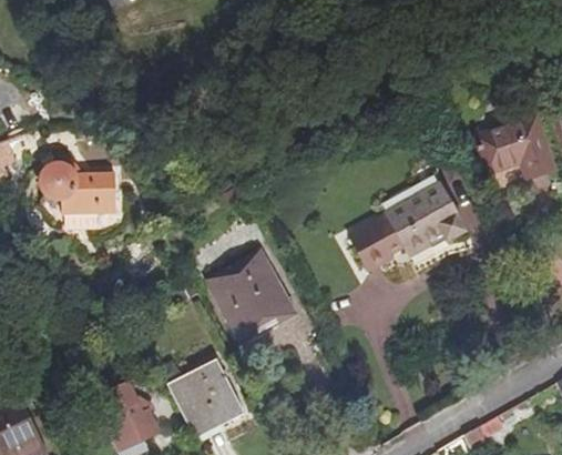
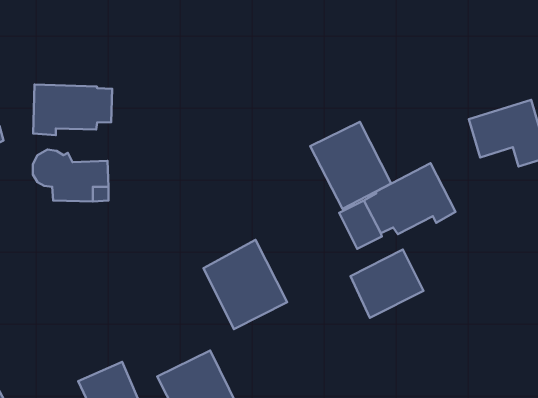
building: none -> [33,85,112,135]
building: none -> [310,122,391,209]
building: none -> [350,250,423,318]

